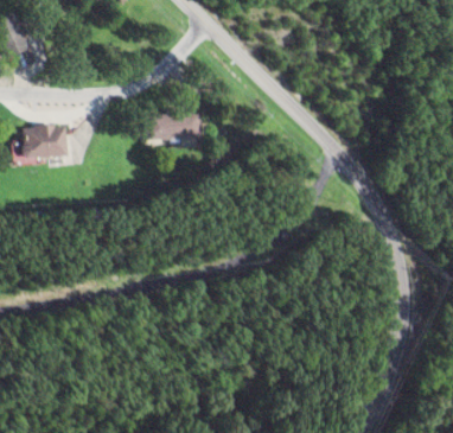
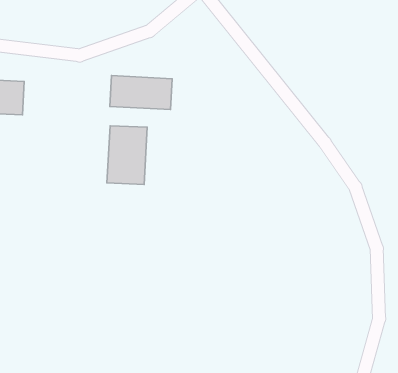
building: none -> [107,126,147,184]

